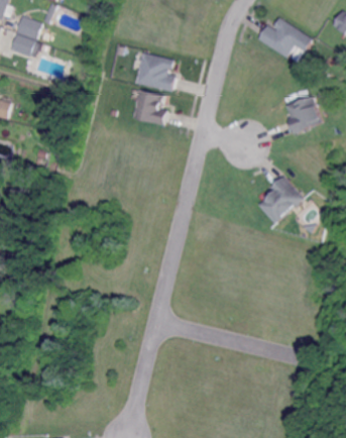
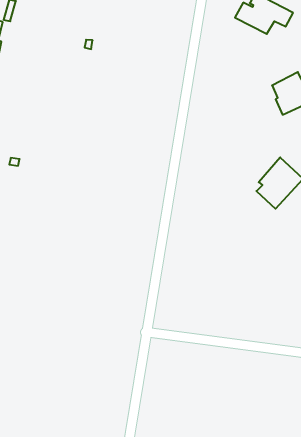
building: [135,53,176,92] -> none
building: [133,90,167,125] -> none

